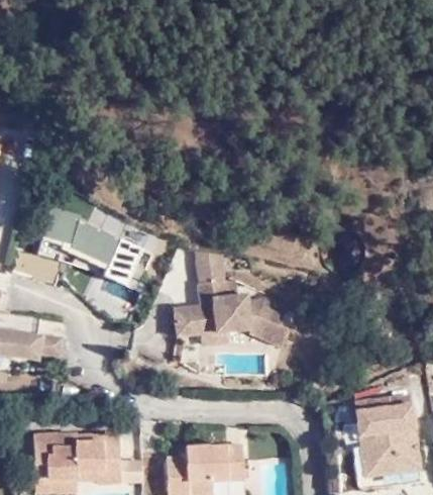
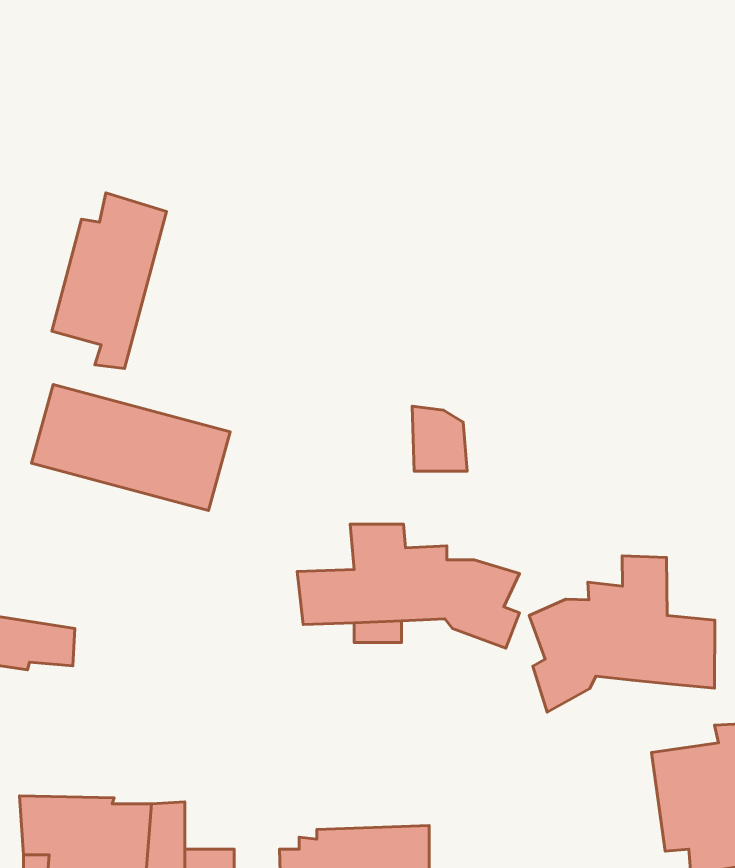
building: none -> [52,193,166,368]
building: [202,257,230,290] -> [412,406,467,471]
building: none -> [529,556,715,712]

